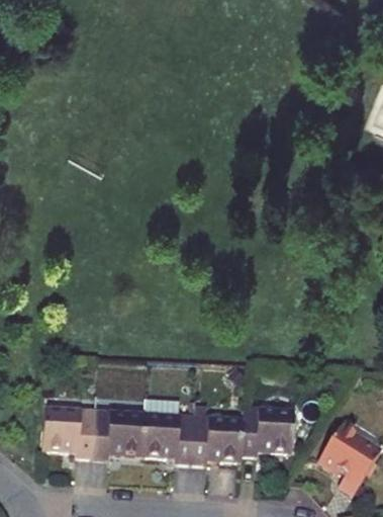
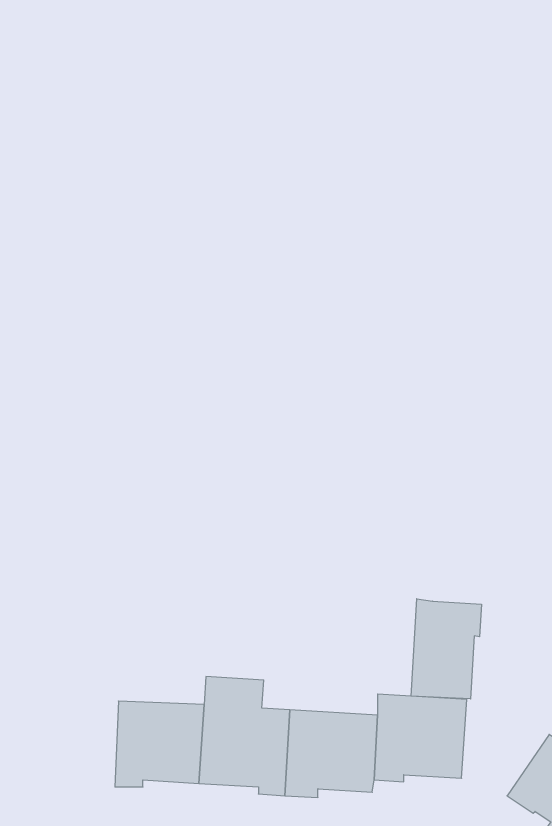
building: none -> [411,599,481,699]
building: [44,407,98,459] -> none

